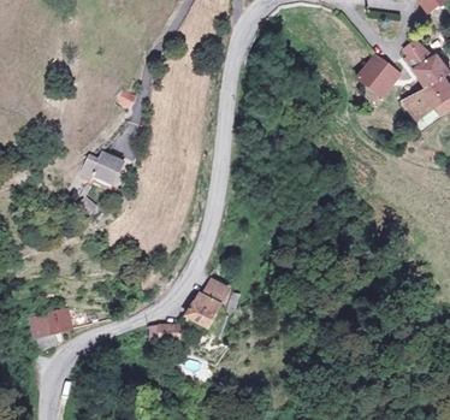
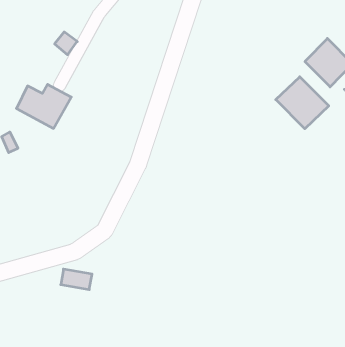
building: none -> [276,77,329,129]
building: [186,274,231,329] -> none

